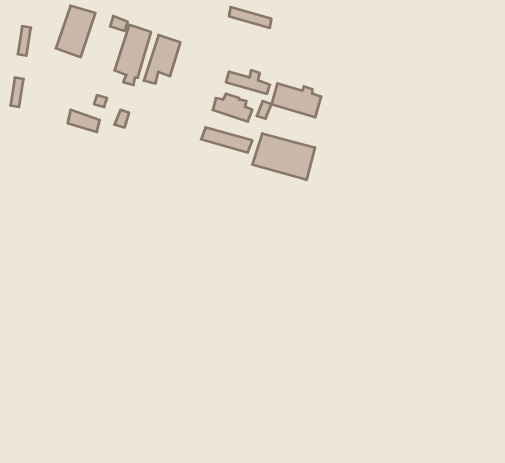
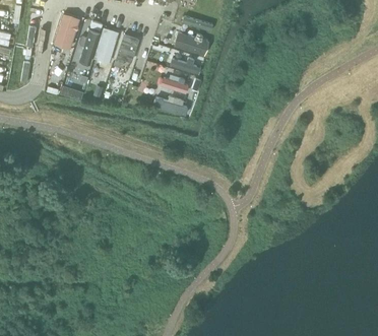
building: none -> [77,29,100,65]
building: [271,83,321,117] -> [174,31,208,55]
building: [252,133,315,180] -> none

